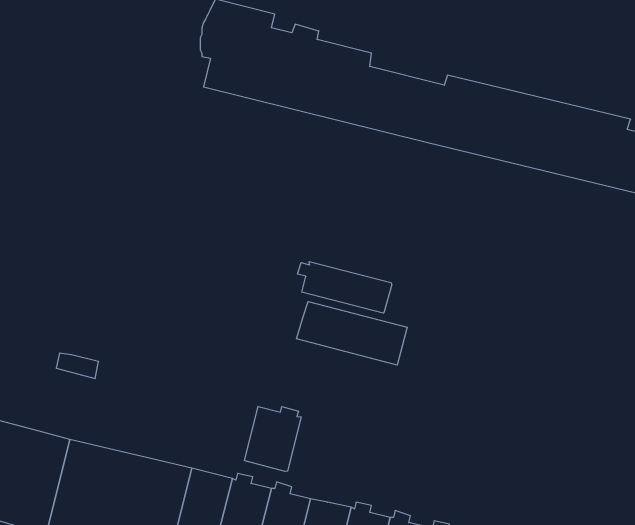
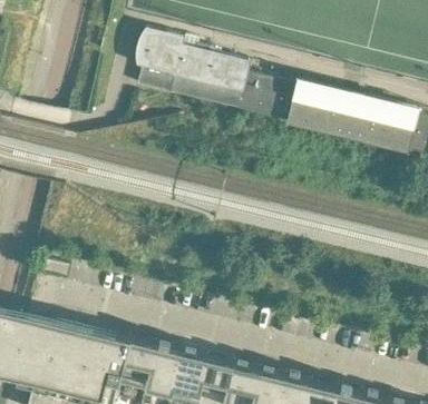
building: [298,262,392,313] -> none
building: [296,302,407,365] -> none
building: [245,406,301,471] -> none

